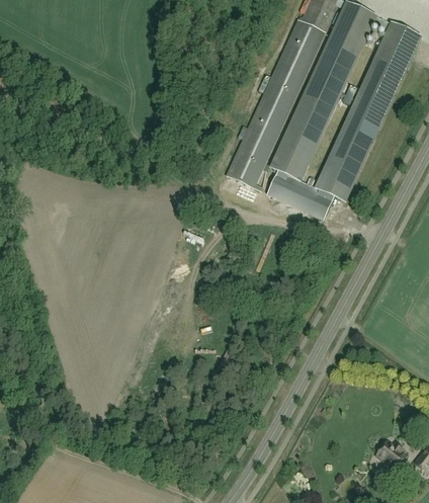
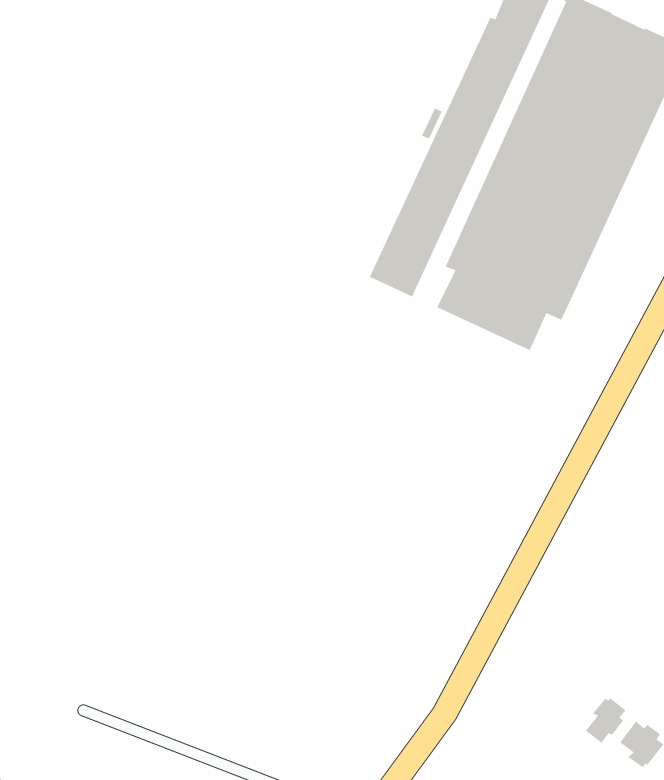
building: none -> [585,697,626,744]

